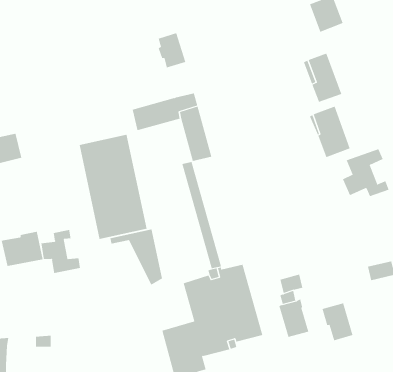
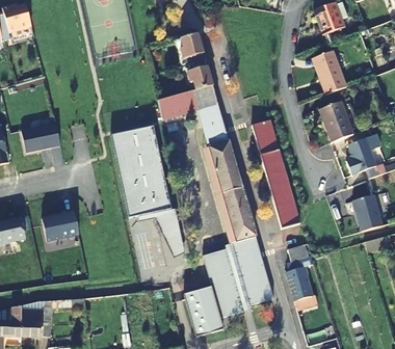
building: none -> [188,60,213,91]
building: none -> [252,118,300,231]
building: none -> [211,143,256,242]
building: none -> [350,198,379,235]
building: [41,229,80,274] -> none
building: [322,302,353,341] -> none

